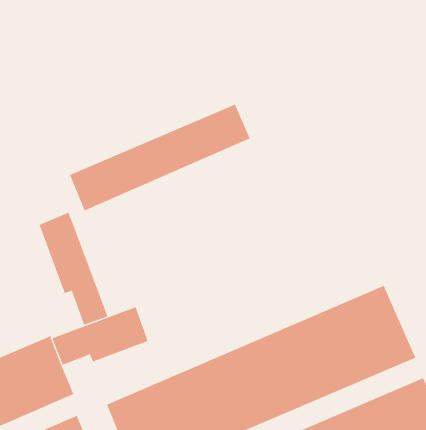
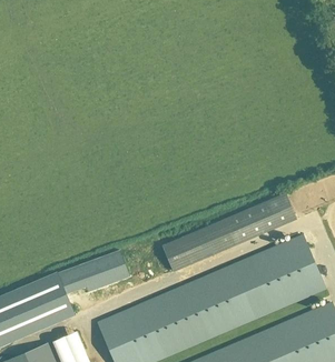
building: [69,104,251,211] -> [161,192,295,271]
building: [39,212,108,325] -> none

